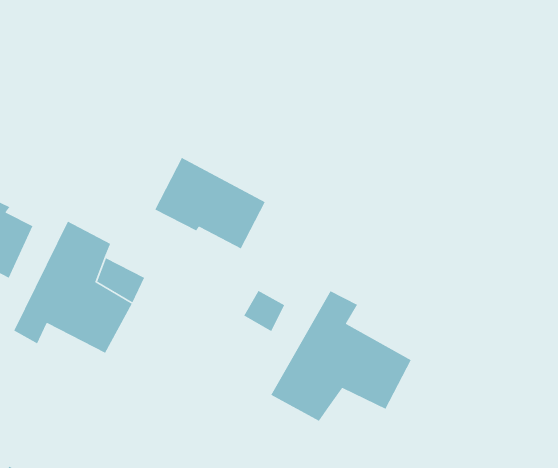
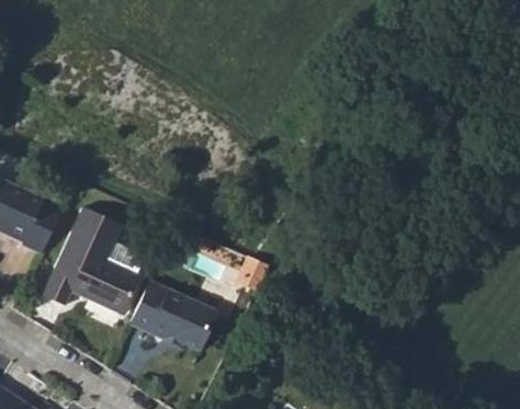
building: [154,157,266,249] -> [131,276,221,351]
building: [270,290,412,422] -> none

